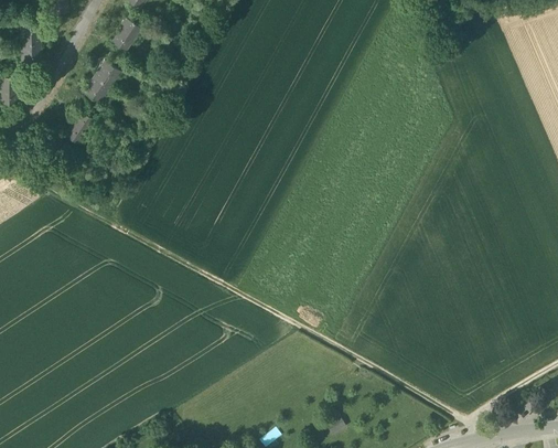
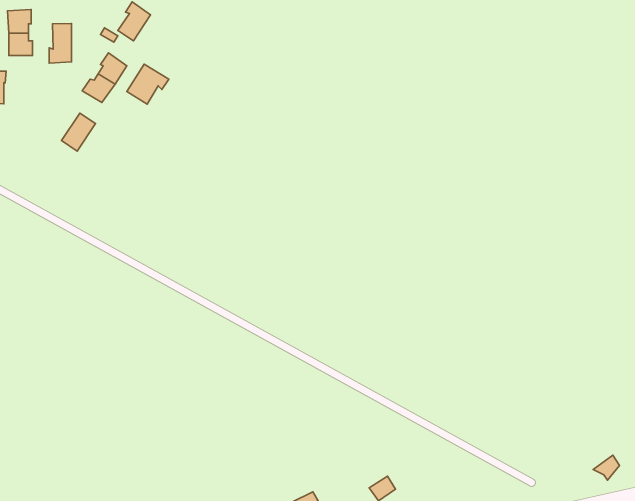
building: none -> [49,23,71,63]
building: none -> [127,64,169,104]

